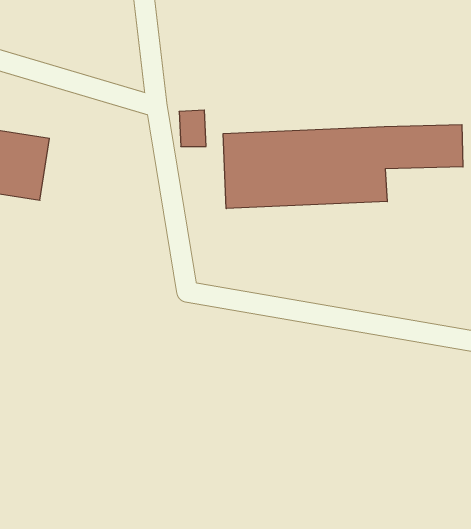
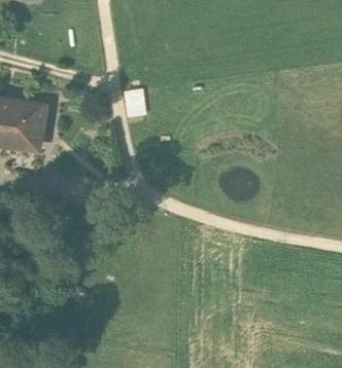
building: [223,125,463,209] -> none

